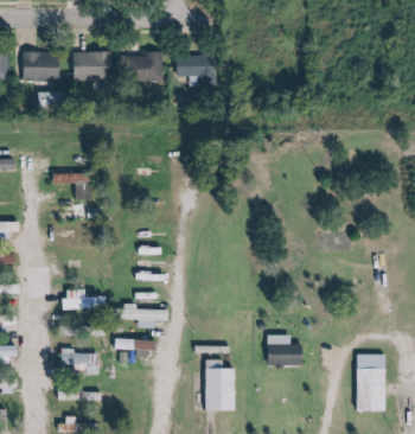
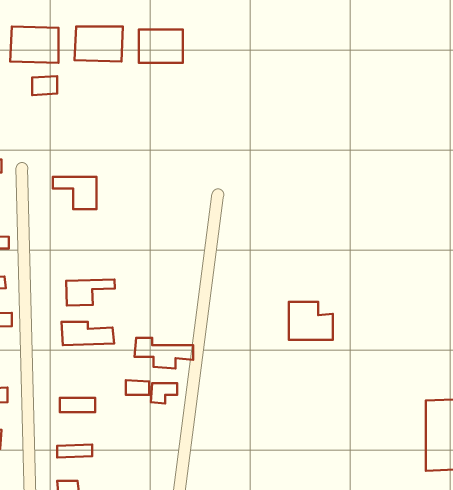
building: [174,53,216,85] -> none
building: none -> [66,279,115,306]
building: [268,334,304,365] -> [289,302,333,340]
building: [206,359,237,410] -> none

